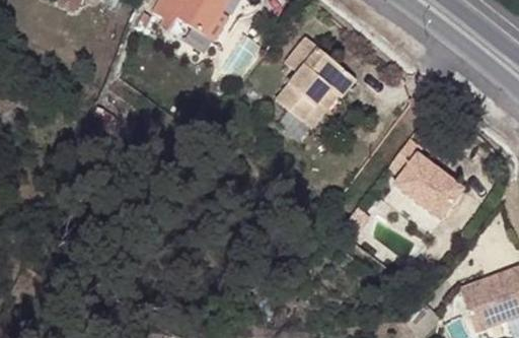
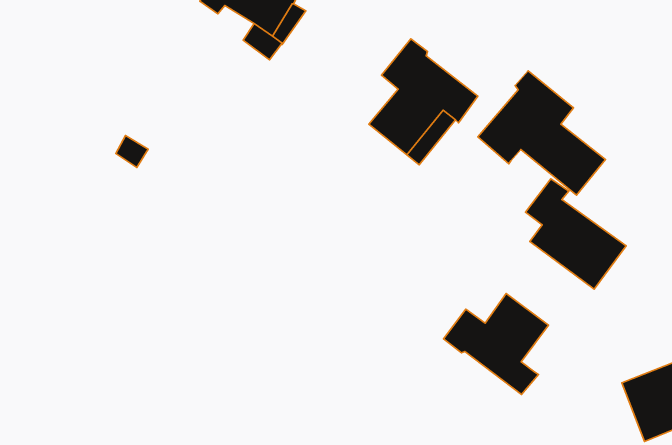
building: none -> [478,71,606,195]
building: none -> [444,294,549,395]

